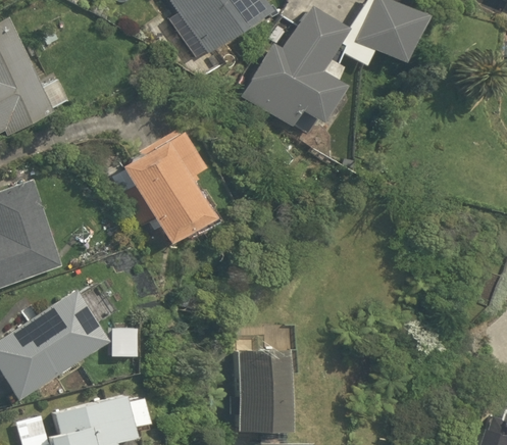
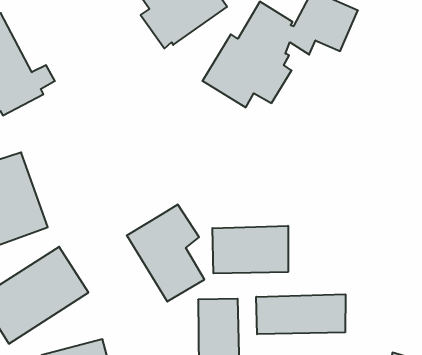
building: [120,130,210,242] -> [127,205,204,302]
building: none -> [212,226,288,273]
building: none -> [256,294,345,334]

